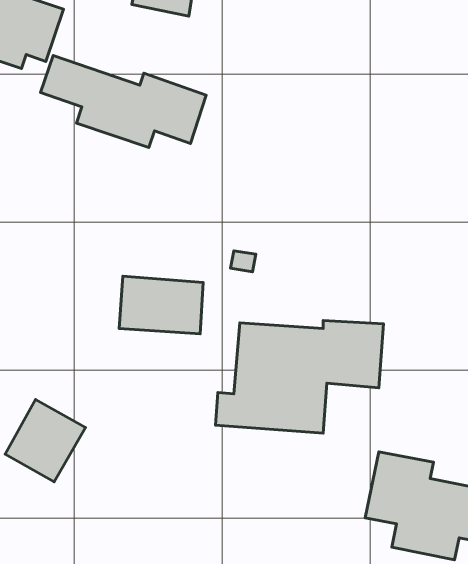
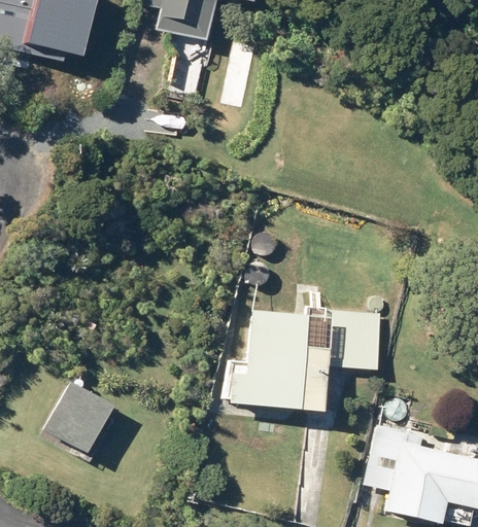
building: [41,55,206,148] -> none
building: [119,276,203,334] -> none

